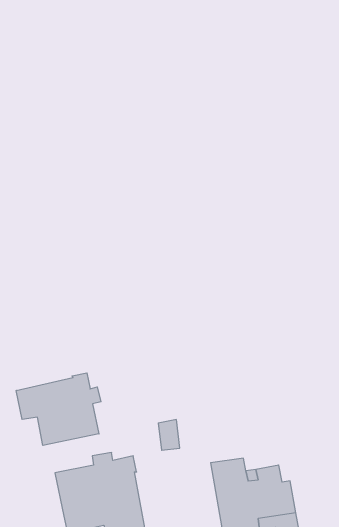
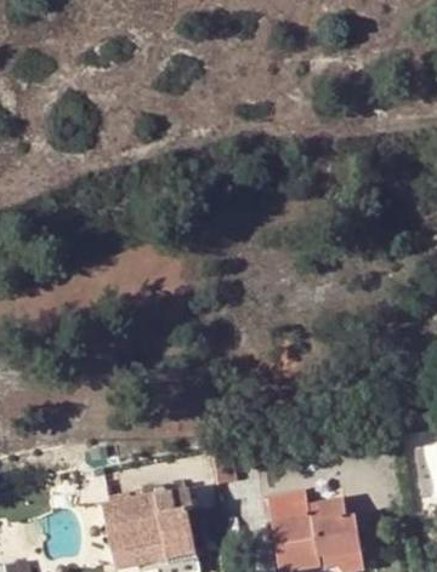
building: [16,373,101,445] -> none

